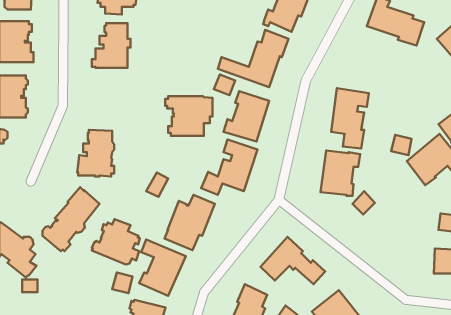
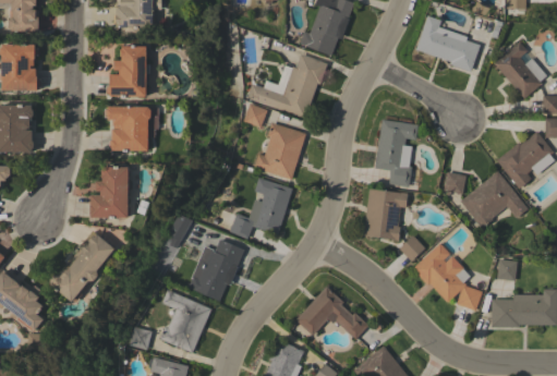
building: [165,96,213,136] -> [105,106,158,150]
building: none -> [412,242,482,311]
building: [92,219,140,264] -> none

